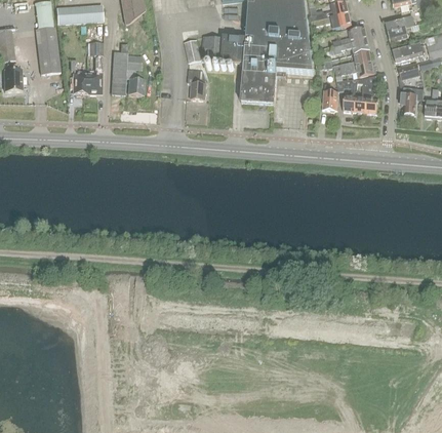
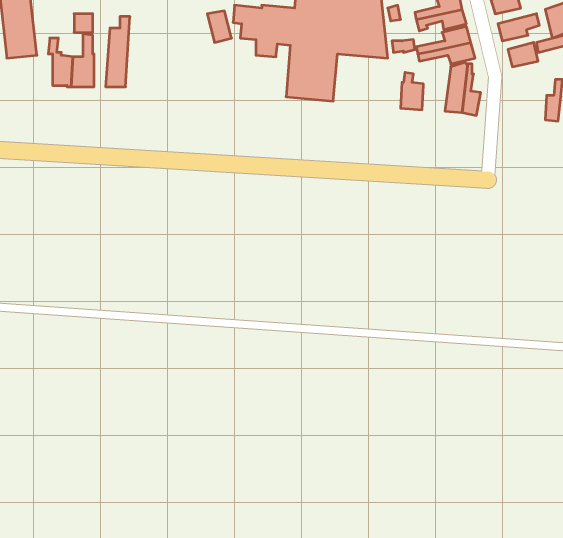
building: [126,54,145,95] -> none
building: [189,69,206,100] -> none
building: [337,79,358,111] -> none
building: [401,87,424,115] -> none

